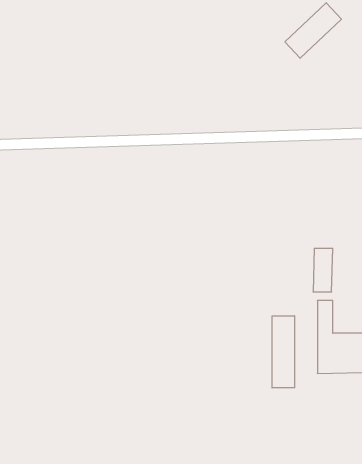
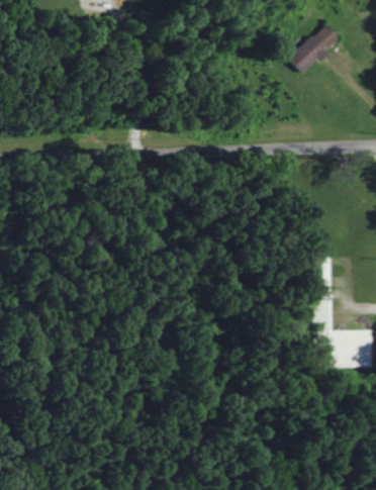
building: [272,316,295,388] -> none

